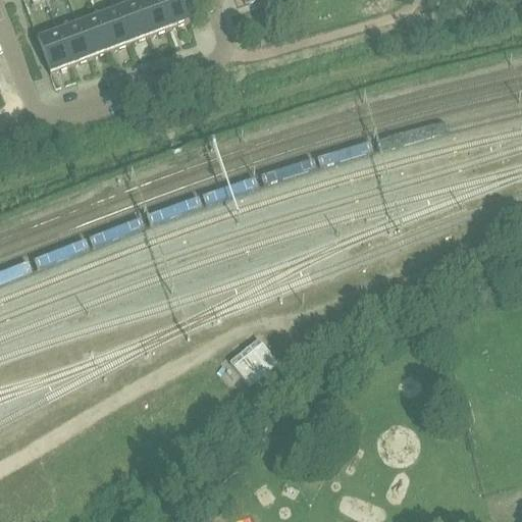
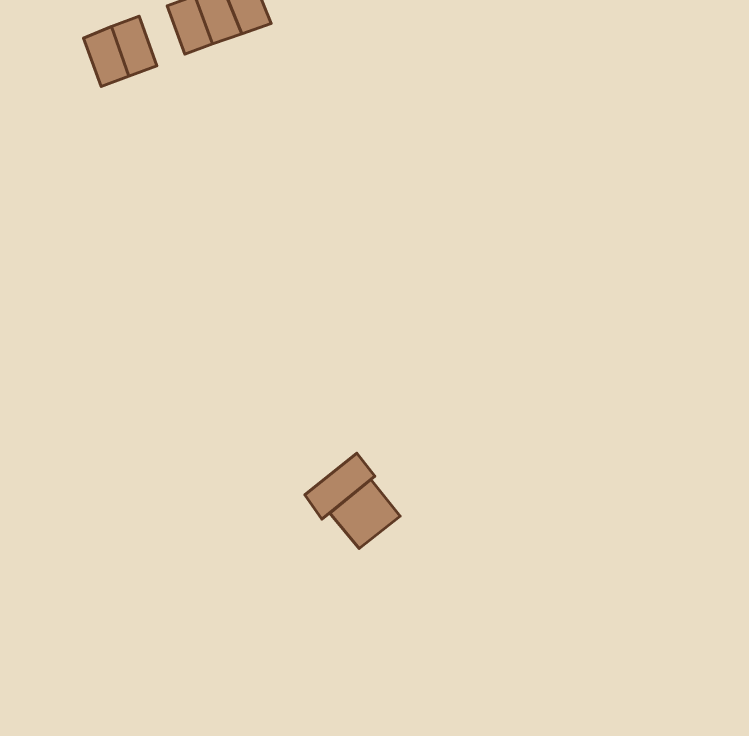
building: [97,4,128,46] -> none
building: [38,27,70,67] -> none
building: none -> [305,453,375,519]

